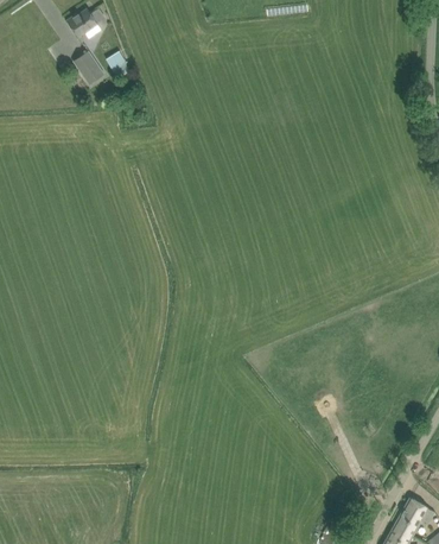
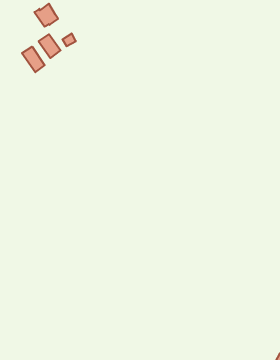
building: none -> [22,47,45,72]

